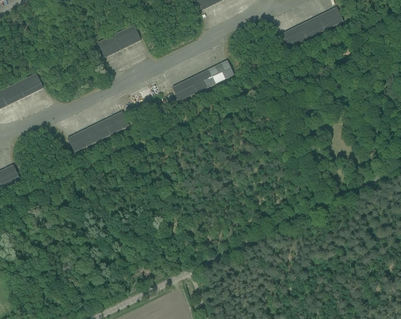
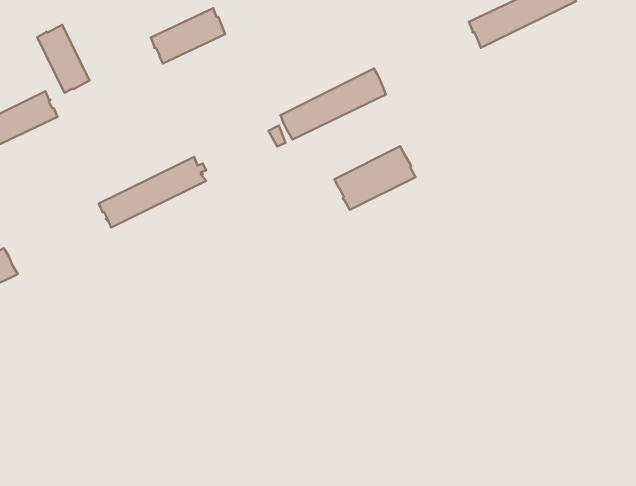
building: none -> [37,25,90,93]
building: none -> [334,146,416,210]

